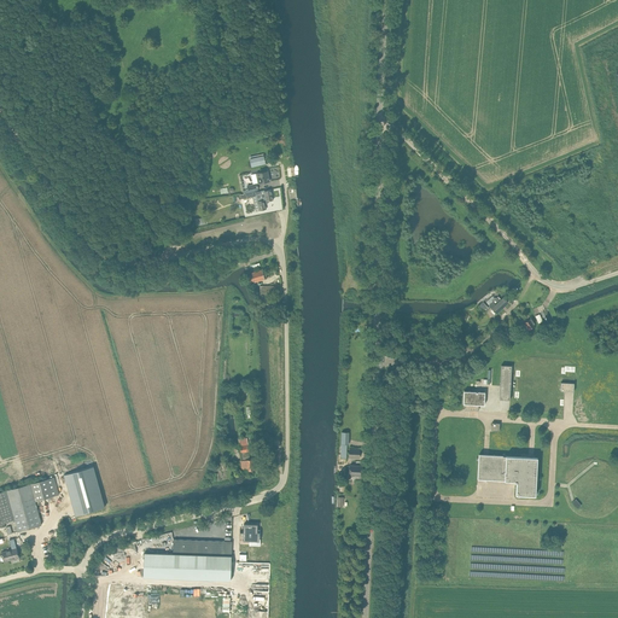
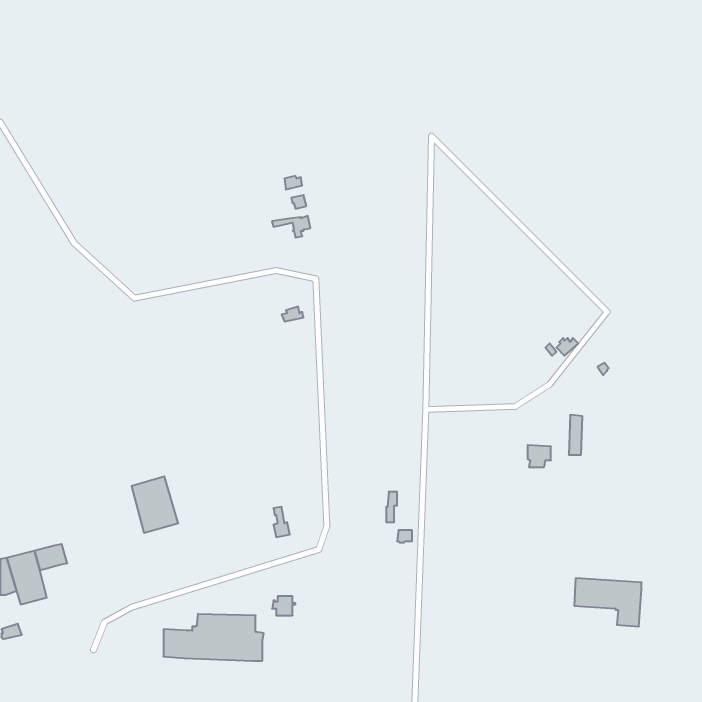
building: [478,454,537,496] -> [574,578,642,626]
building: [64,466,105,515] -> [132,476,178,533]

